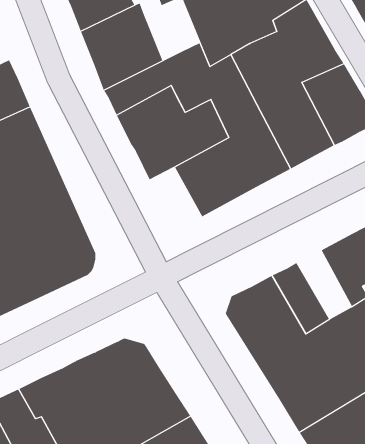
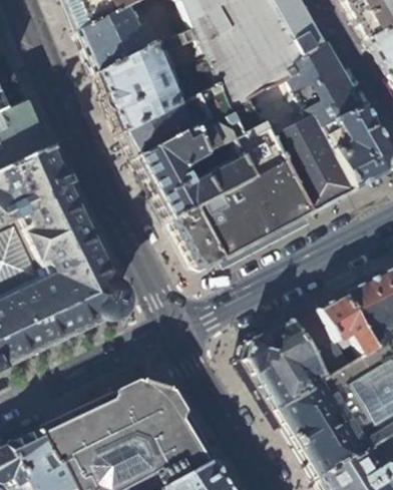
building: none -> [169,209,223,269]
building: none -> [318,293,373,362]

